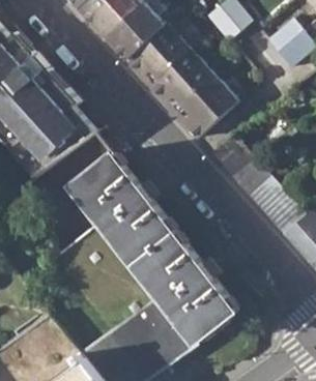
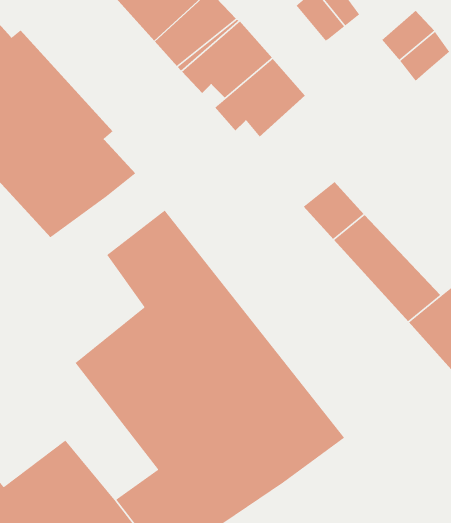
building: [179,76,235,137] -> none

